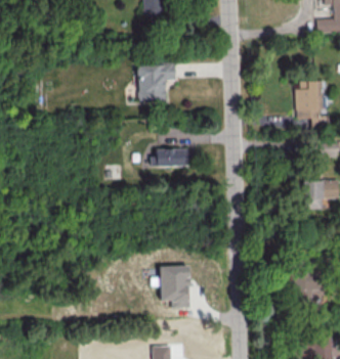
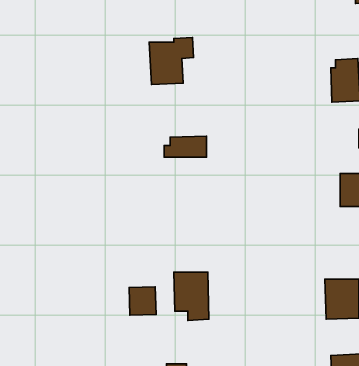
building: none -> [129,287,156,315]

